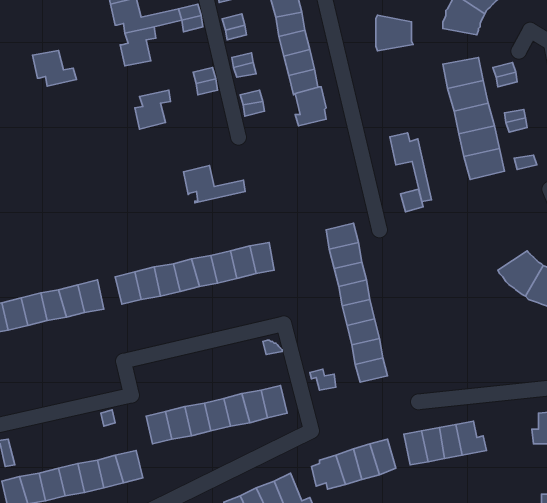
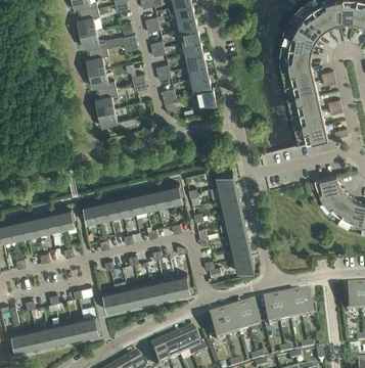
building: [376,15,413,51] -> [286,47,310,70]
building: [33,50,76,86] -> [87,67,115,90]
building: [390,133,432,201] -> none
building: [183,165,245,203] -> [96,106,135,130]
building: none -> [313,173,340,199]

